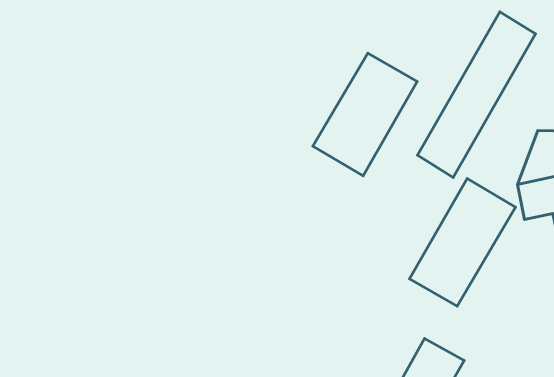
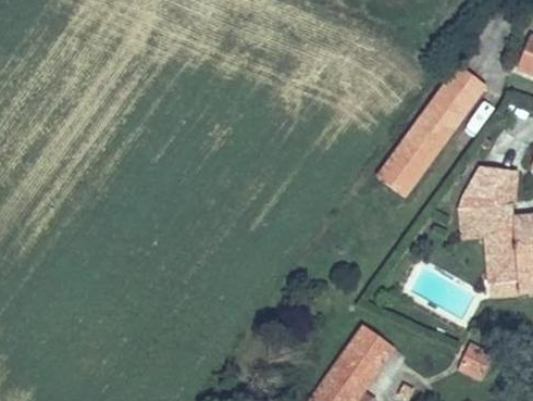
building: [313,53,417,176] -> none
building: [409,178,515,306] -> none

